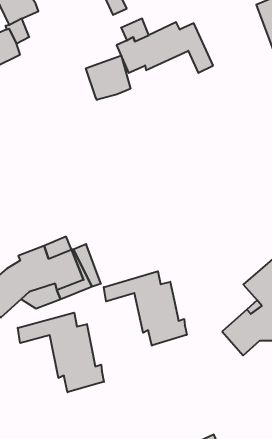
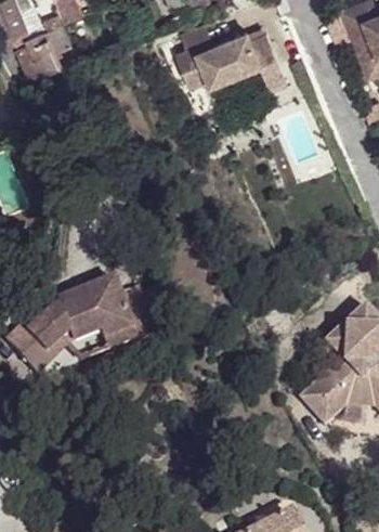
building: [86,56,130,100] -> none
building: [104,271,187,346] -> none
building: [18,313,104,392] -> none

